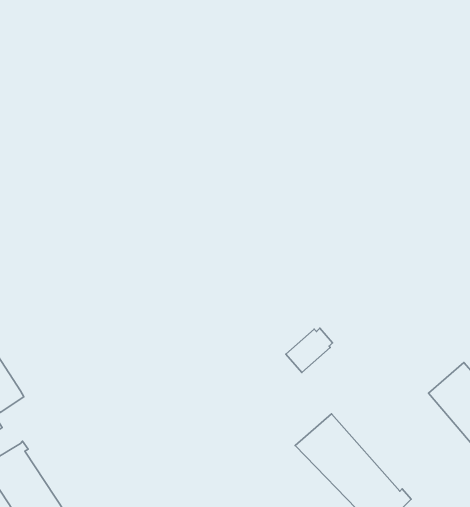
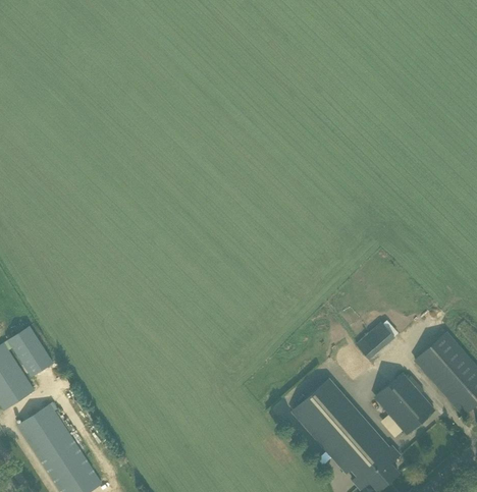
building: [286,328,332,372] -> [356,321,398,361]
building: none -> [375,374,434,434]

